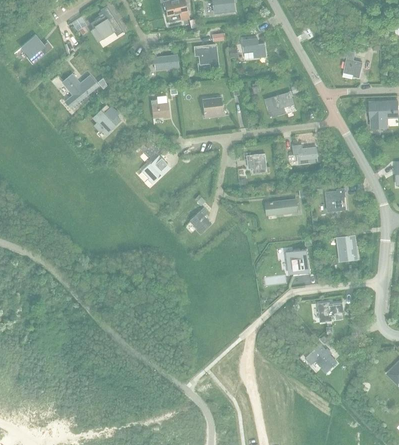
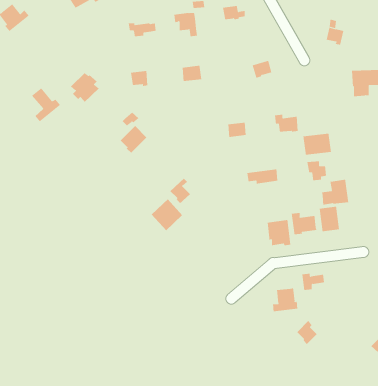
building: [61,73,90,107] -> [31,88,61,122]
building: none -> [303,133,331,156]
building: none -> [322,179,349,205]
building: none -> [151,199,183,231]
building: none -> [291,212,317,235]
building: none -> [272,287,298,312]

